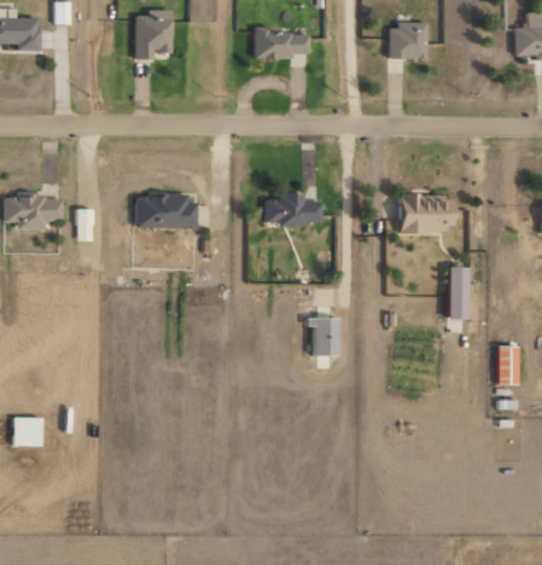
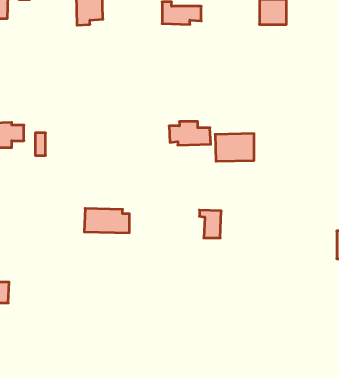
building: [398,194,453,233] -> [215,134,254,161]
building: [135,196,198,229] -> [84,208,129,233]
building: [447,267,467,320] -> none

